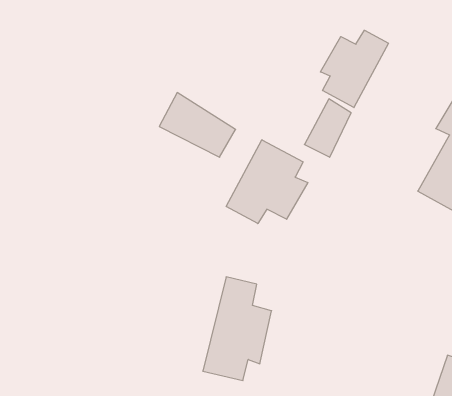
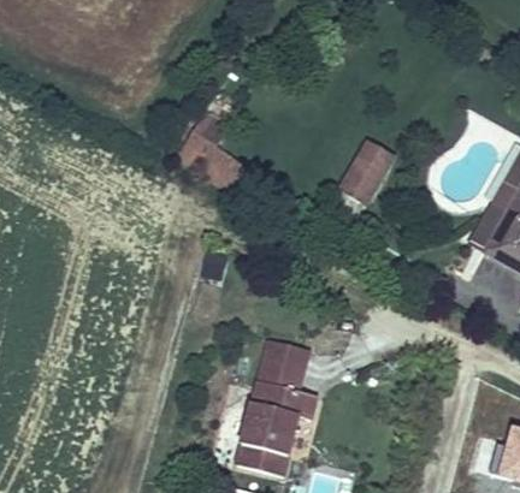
building: [320,30,388,108] -> none
building: [226,140,308,224] -> none

